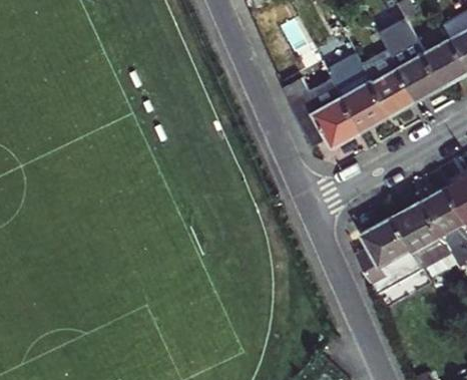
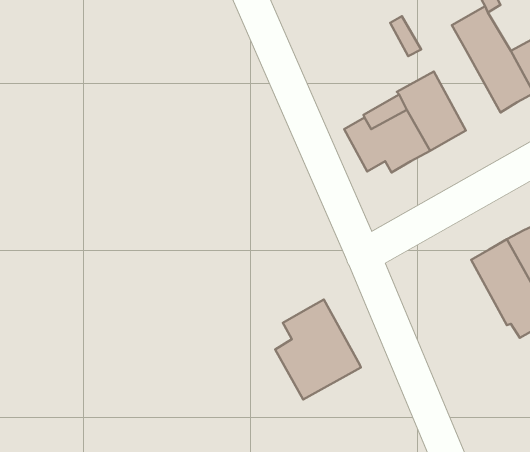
building: [365,49,418,113] -> none
building: [357,215,424,293] -> [275,300,361,400]

